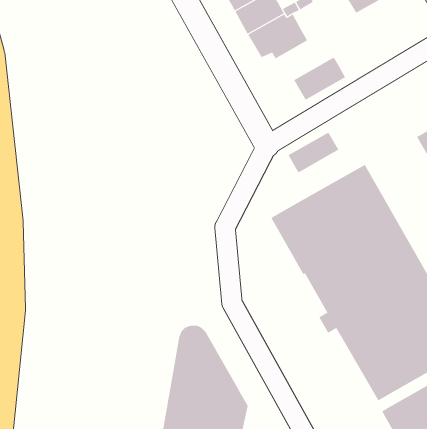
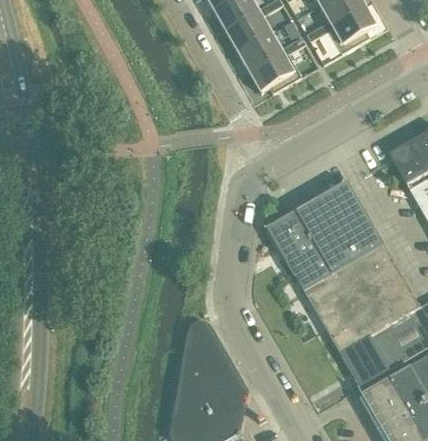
building: [293,57,346,100] -> none
building: [288,132,339,173] -> none

